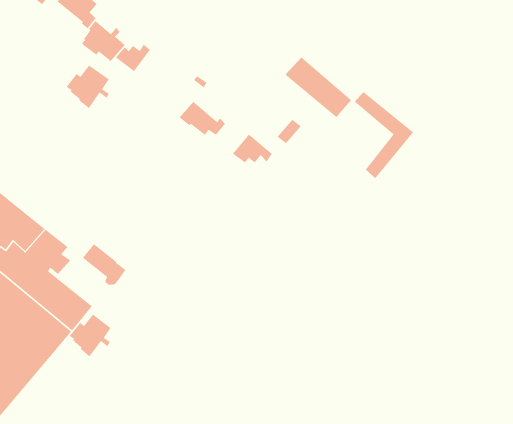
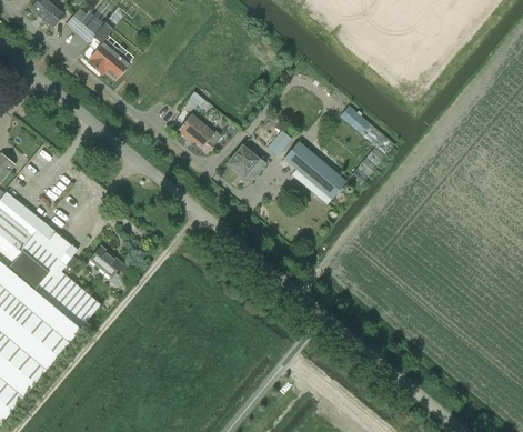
building: [115,44,151,72] -> none
building: [285,57,352,118] -> [283,141,345,198]
building: [65,65,110,109] -> none
building: [68,314,112,357] -> none

